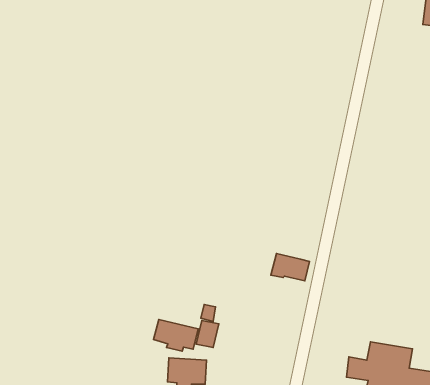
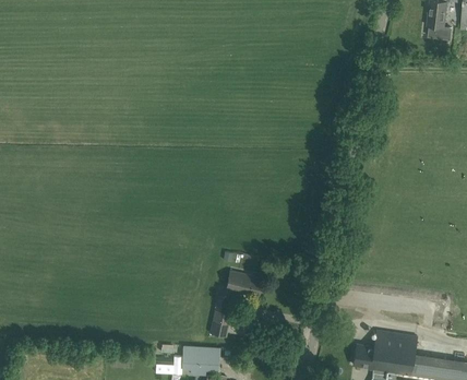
building: [271,254,310,281] -> [225,271,262,297]
building: [154,319,198,351] -> none

